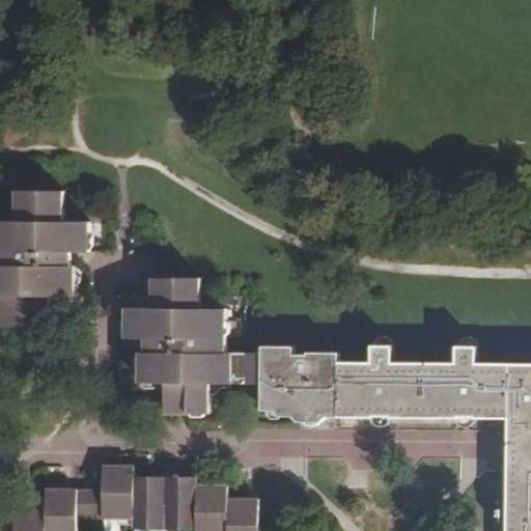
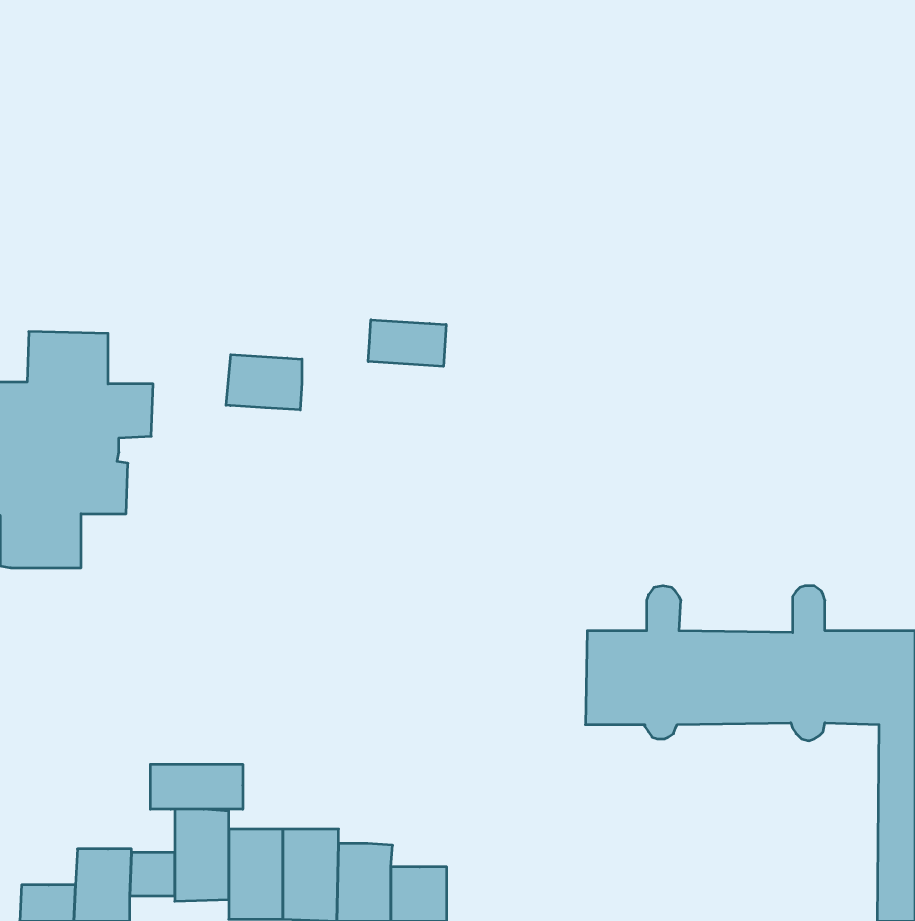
building: none -> [368,320,446,366]
building: none -> [226,355,302,410]
building: [124,277,338,422] -> none
building: none -> [150,764,243,809]

